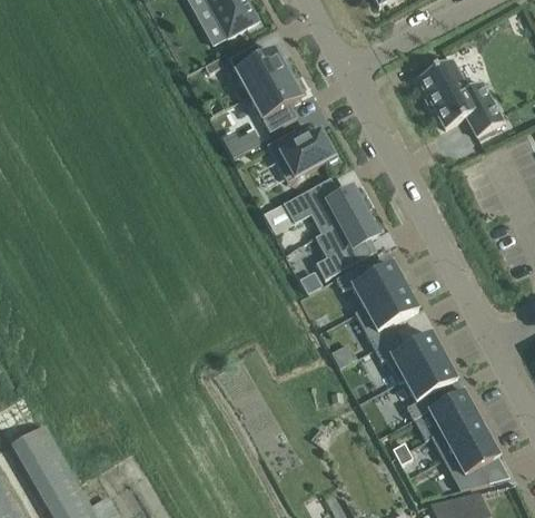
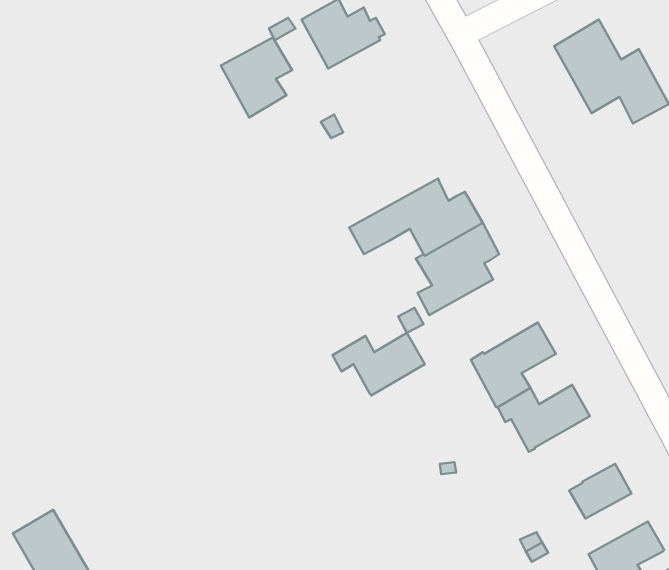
building: [249,72,303,133] -> [221,37,292,118]
building: [267,128,338,180] -> none
building: [337,261,406,307] -> [333,333,425,395]
building: [404,354,457,418] -> none
building: [432,412,488,458] -> none

